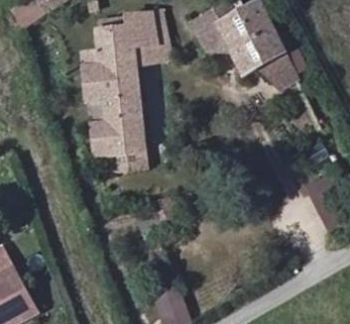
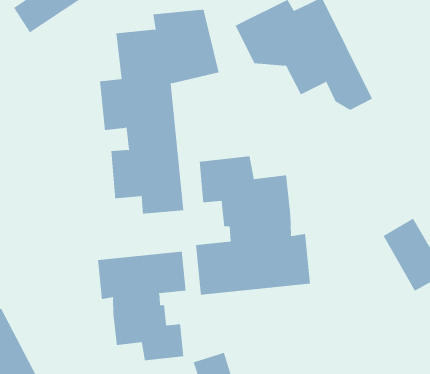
building: none -> [196,156,311,296]
building: none -> [98,251,186,361]

